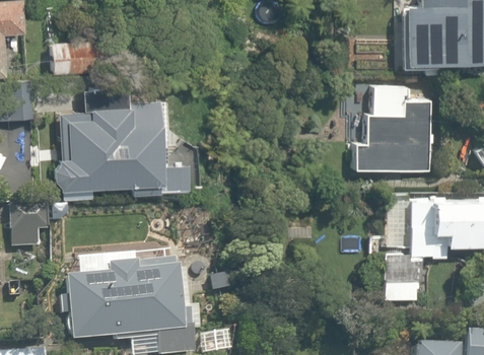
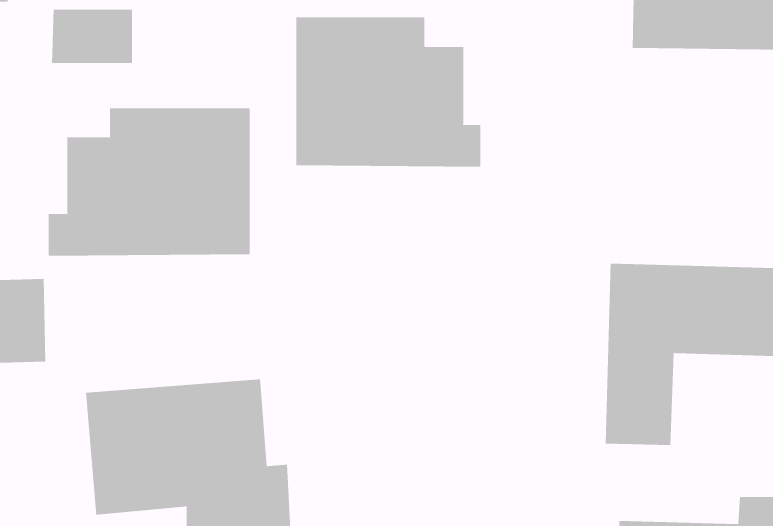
building: none -> [296,17,481,168]
building: [348,84,437,174] -> none

